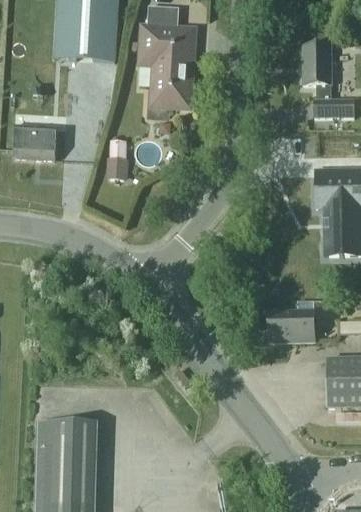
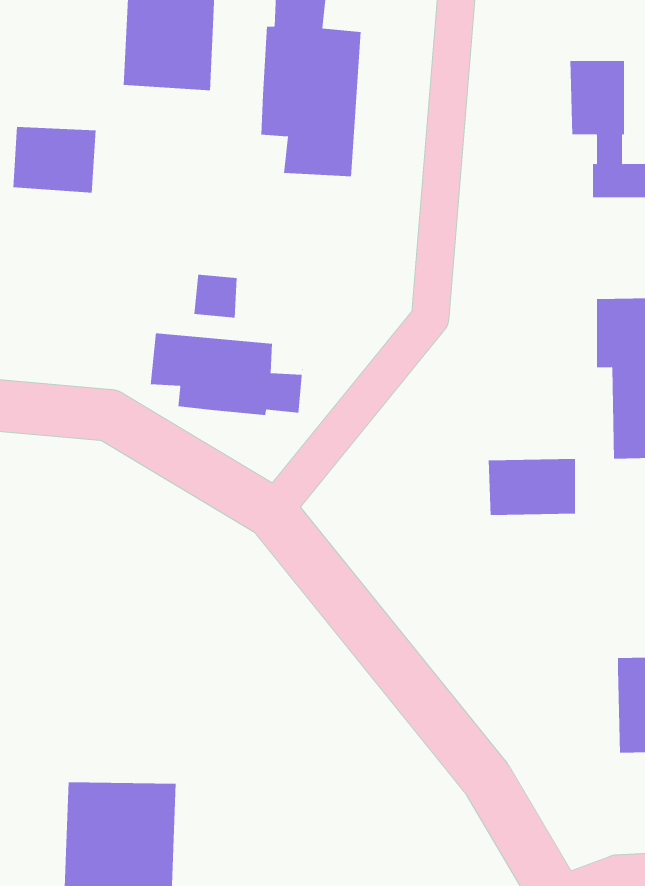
building: [13,125,57,160] -> [12,126,96,193]
building: none -> [150,333,303,416]
building: [268,311,314,341] -> [488,458,576,516]

